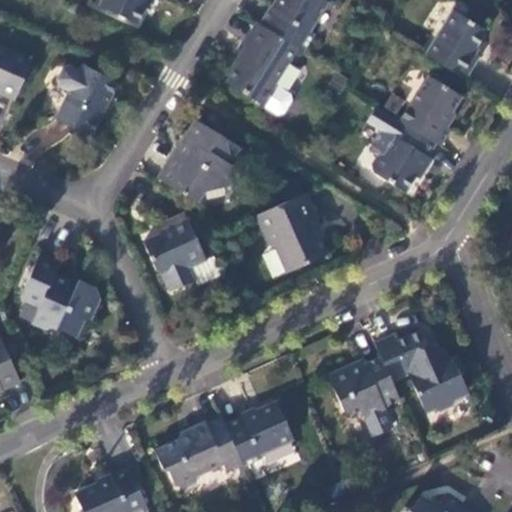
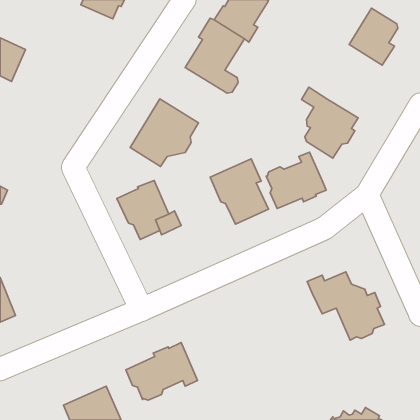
building: [52,64,119,137] -> none
building: [399,75,462,146] -> none
building: none -> [266,152,326,209]
building: [21,252,100,335] -> none
building: [327,356,400,418] -> none
building: [225,402,293,466] -> none

